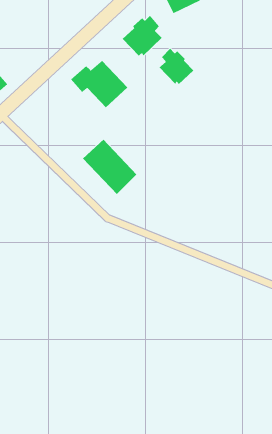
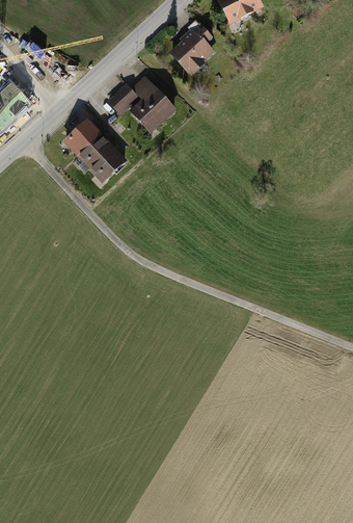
building: [159,48,194,85] -> none
building: [82,139,137,195] -> [62,117,127,183]

